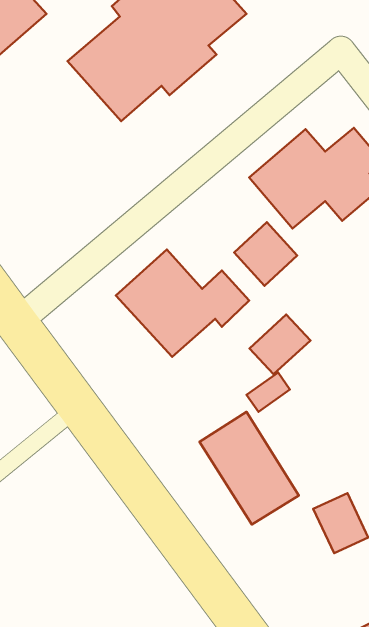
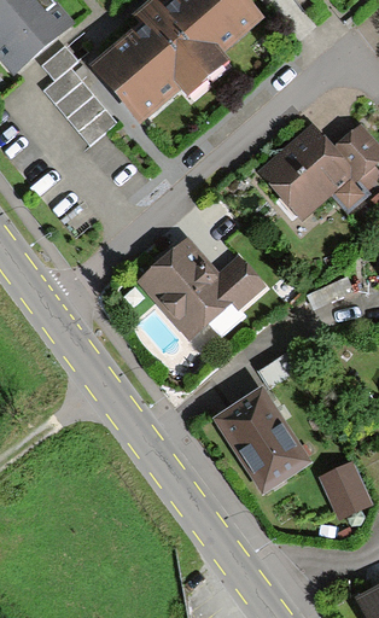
building: none -> [40,48,112,145]
building: [234,222,297,286] -> none
building: [249,315,310,374] -> none

